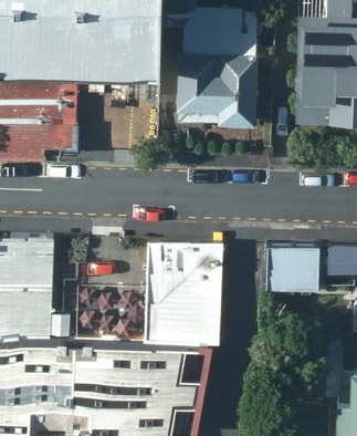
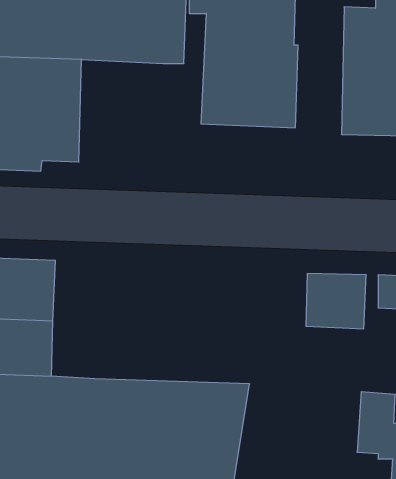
building: [87,243,220,338] -> none

